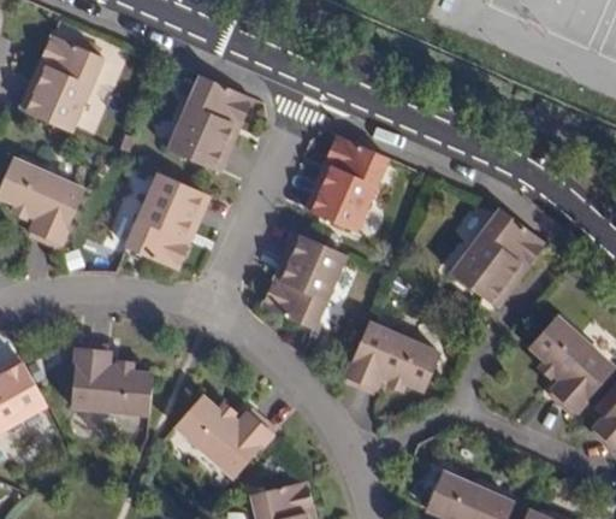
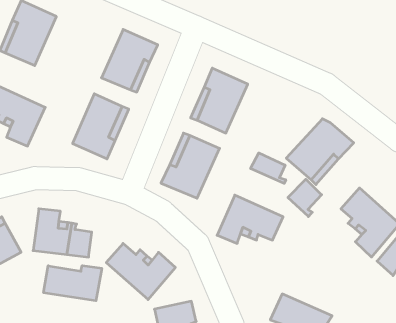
building: none -> [251,153,286,183]
building: none -> [288,179,322,217]
building: none -> [44,266,102,301]

